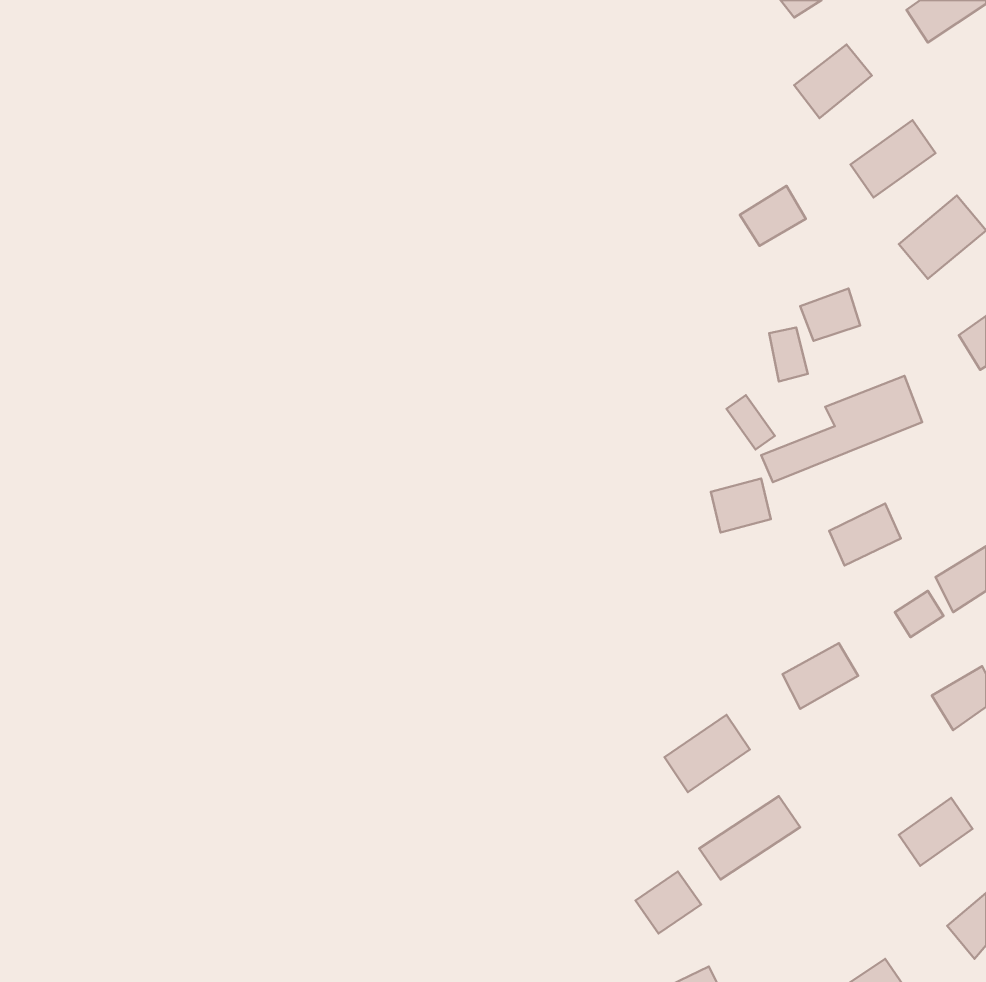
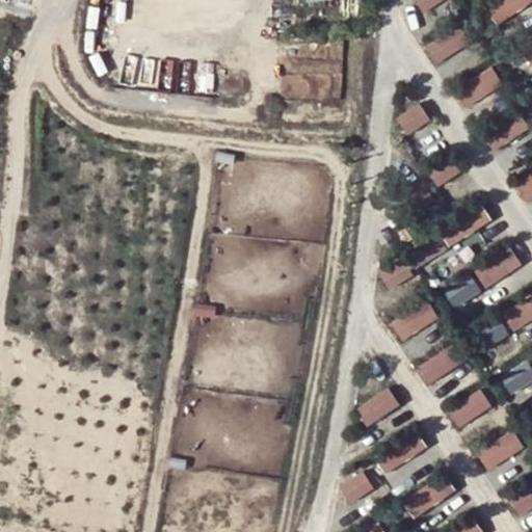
building: none -> [475,252,523,287]
building: none -> [392,300,441,342]
building: none -> [449,389,496,428]
building: none -> [403,474,457,522]

